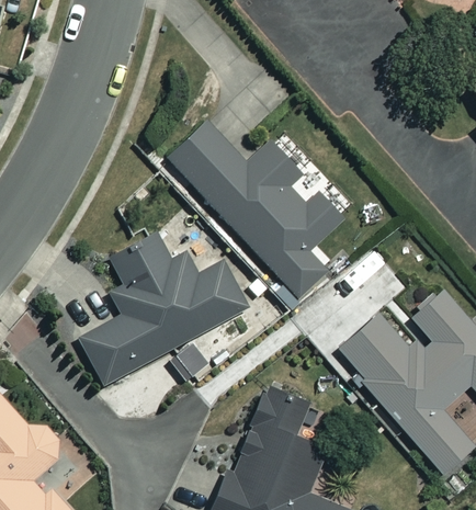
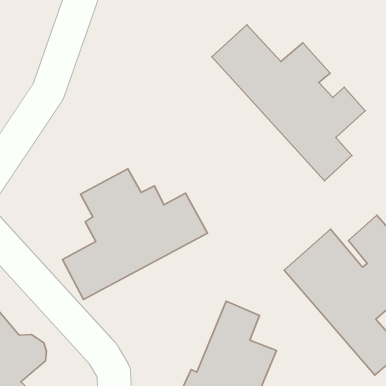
building: [166,121,343,302] -> [212,25,365,181]

